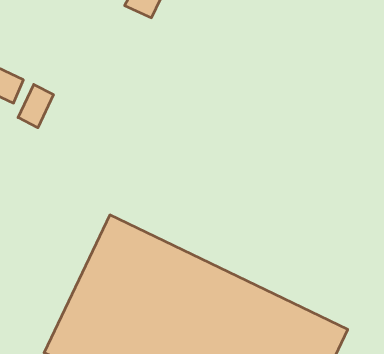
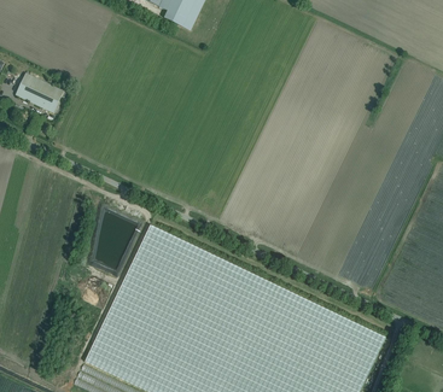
building: [18,84,53,128] -> none

